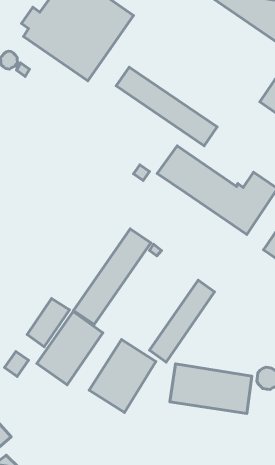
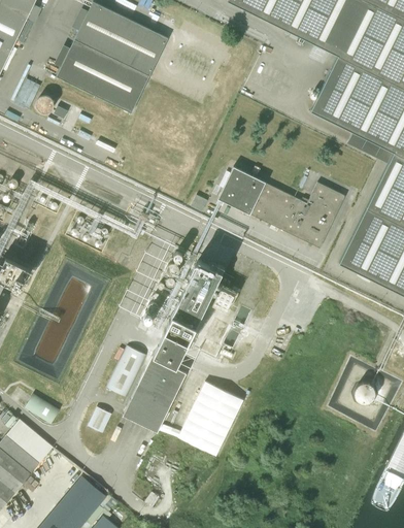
building: [116,67,217,146] -> none
building: [149,280,215,362] -> none
building: [170,364,252,413] -> none

